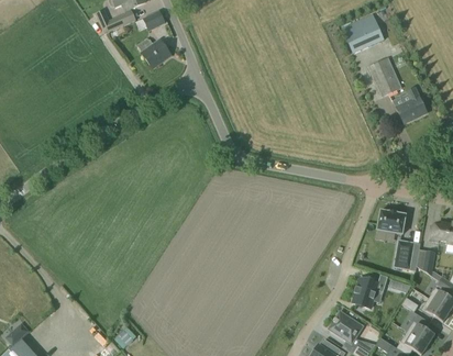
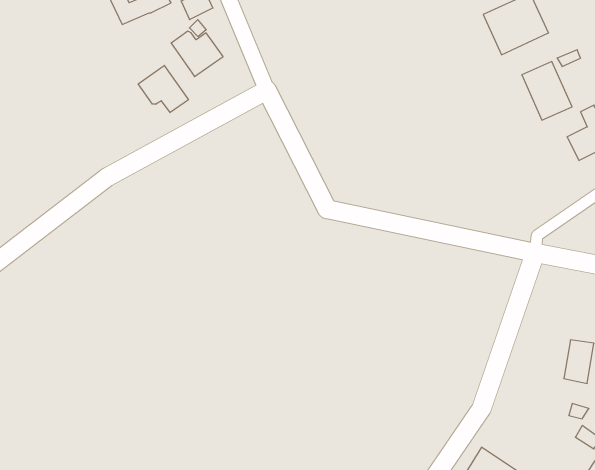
building: none -> [138,65,188,113]
building: [376,210,406,234] -> none
building: [352,275,387,308] -> none

